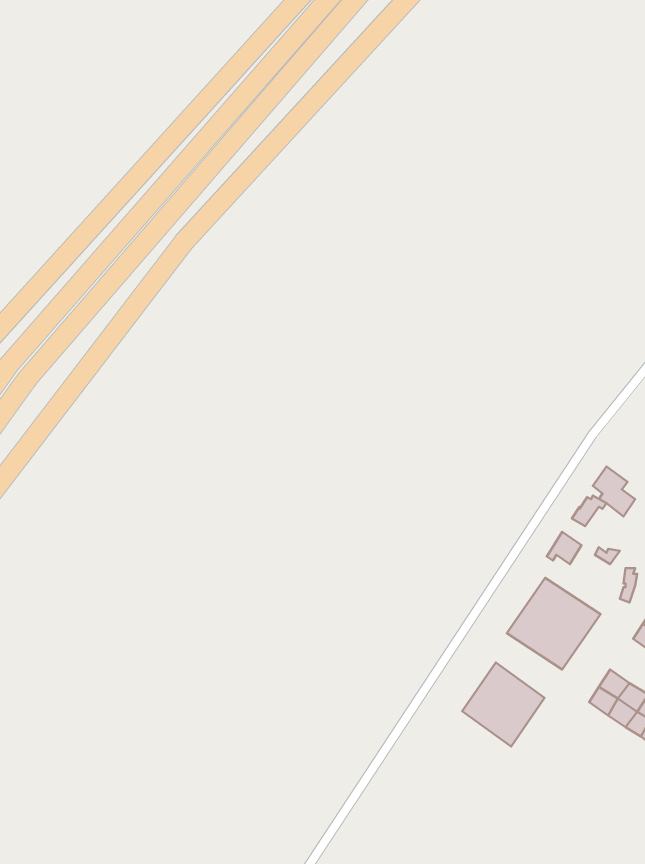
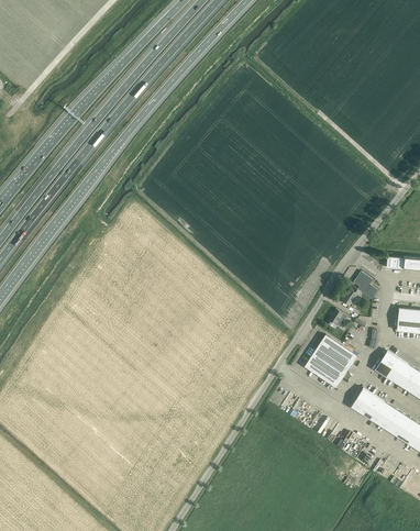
building: [462,663,545,746] -> none

